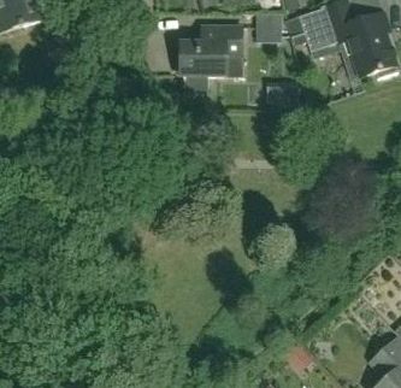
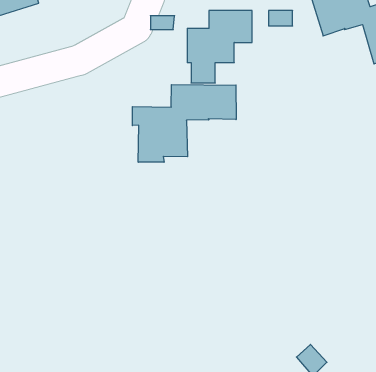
building: none -> [132,85,236,162]

